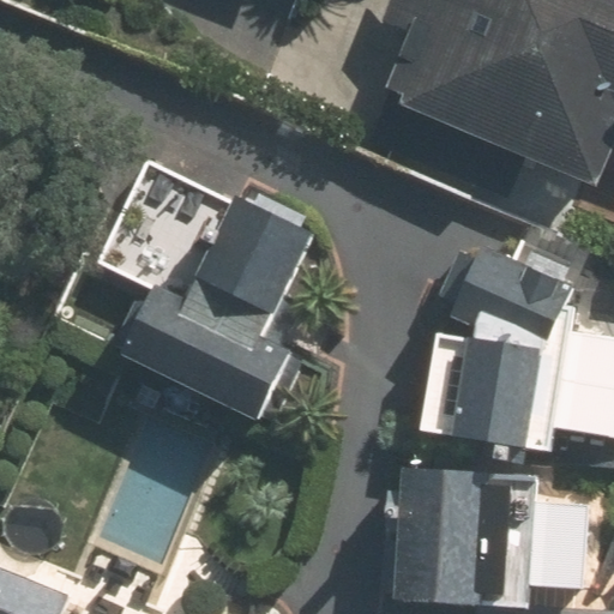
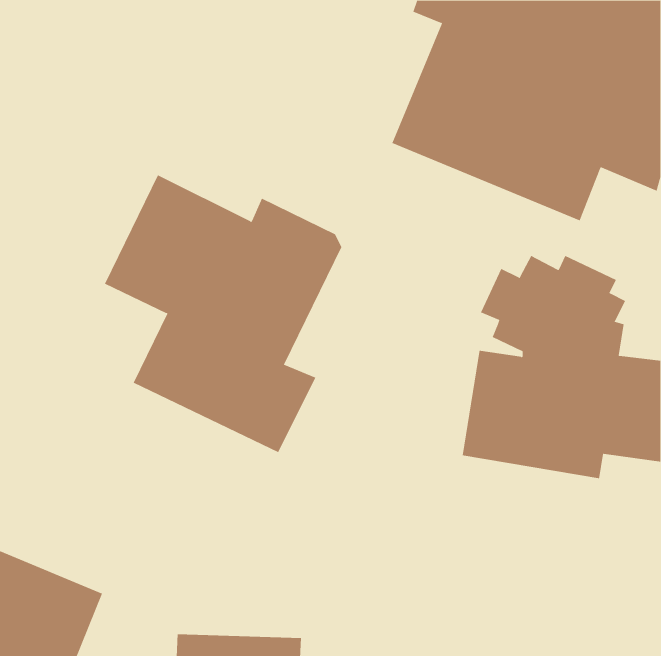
building: [396,468,585,601] -> none

